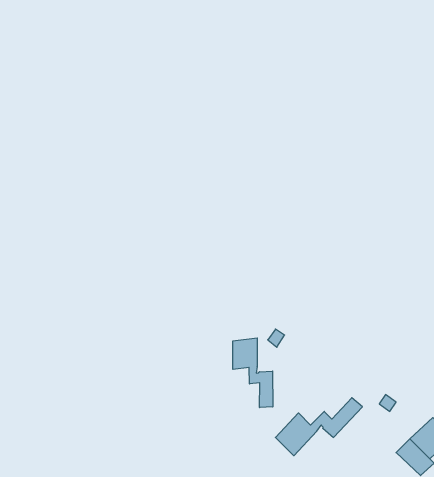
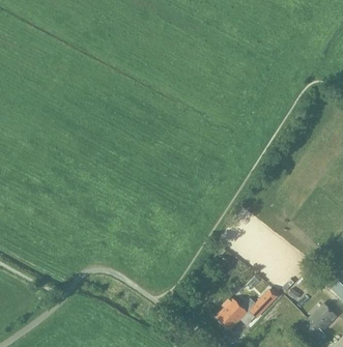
building: [233,338,273,408] -> none

